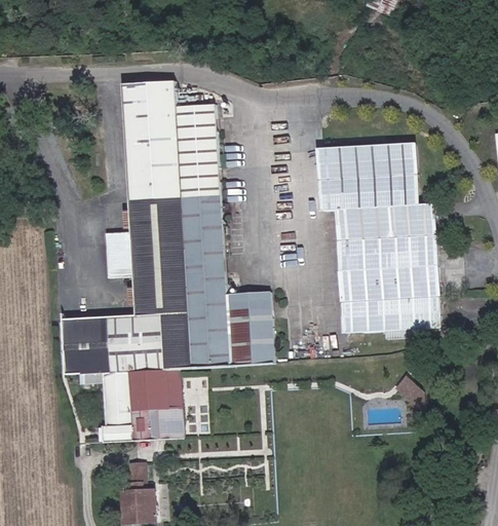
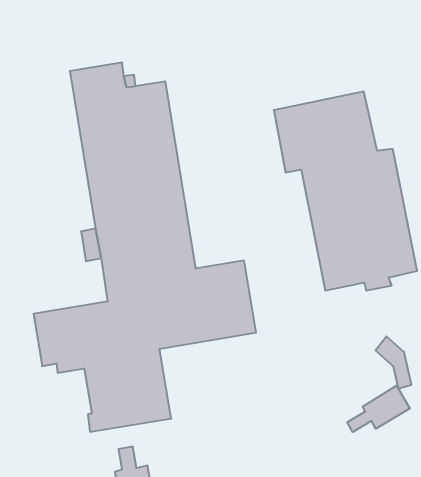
building: none -> [347,386,410,432]

